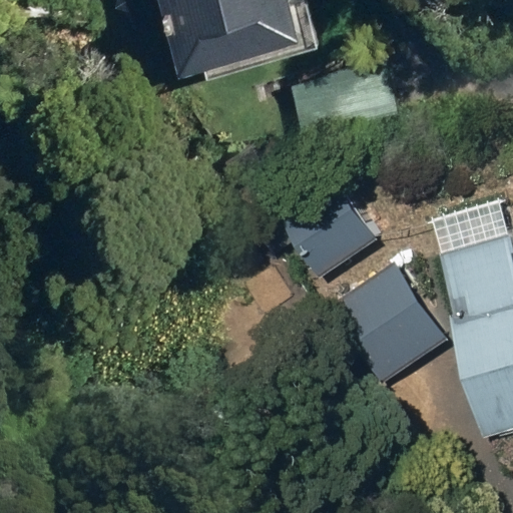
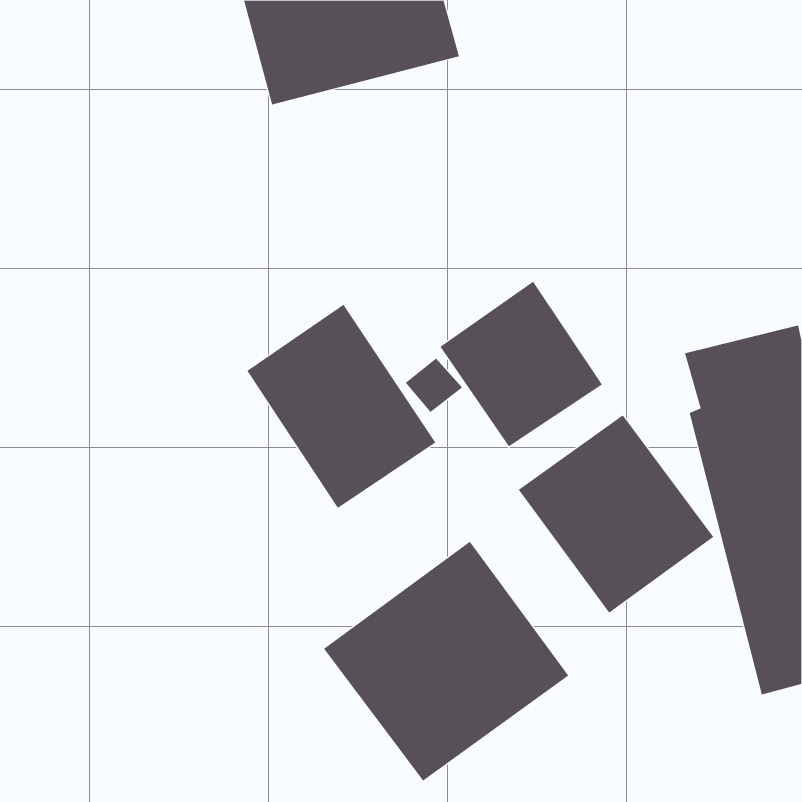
building: none -> [247,304,436,509]
building: none -> [323,541,569,781]

